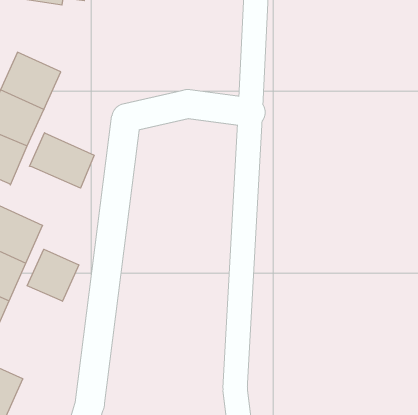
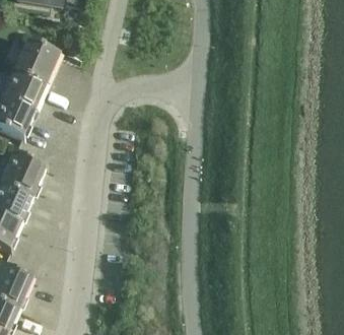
building: [30,133,94,188] -> none
building: [27,249,79,301] -> none

